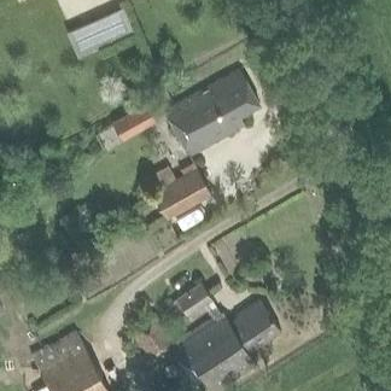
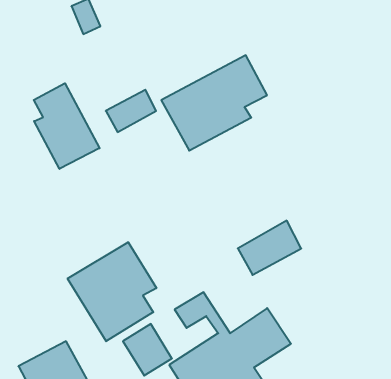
building: none -> [34,83,100,169]
building: [154,169,212,218] -> [238,221,301,275]
building: none -> [68,242,156,341]

